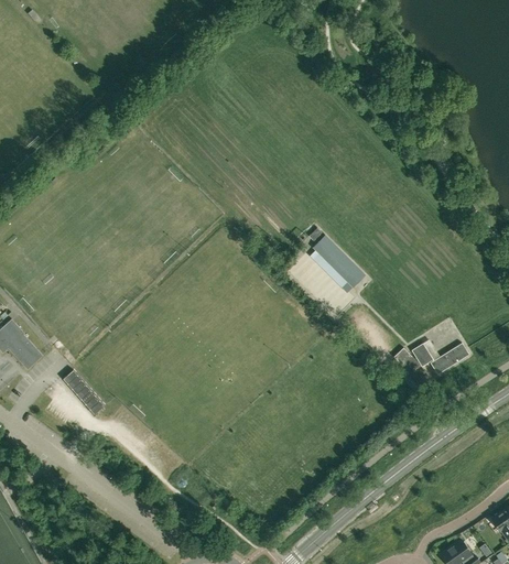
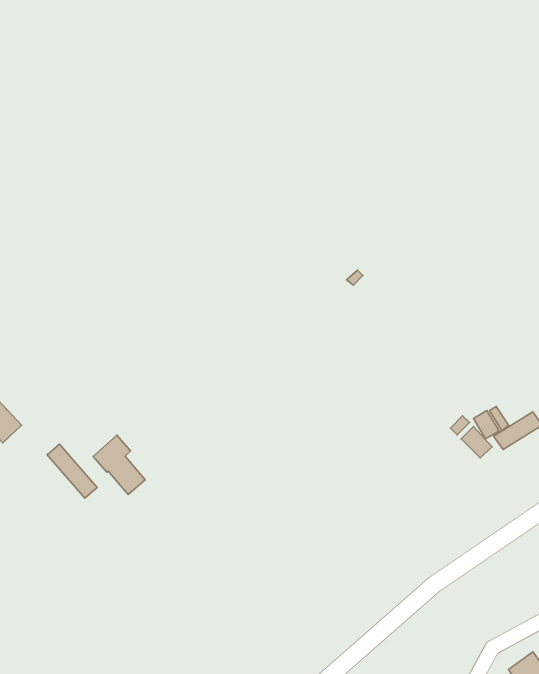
building: [312,237,364,288] -> none
building: none -> [93,435,145,495]

